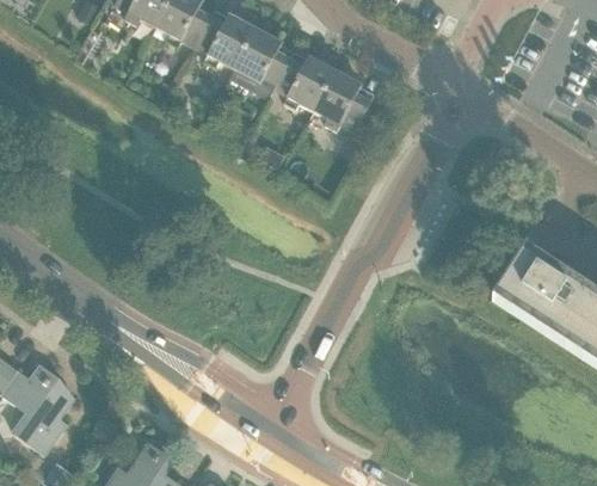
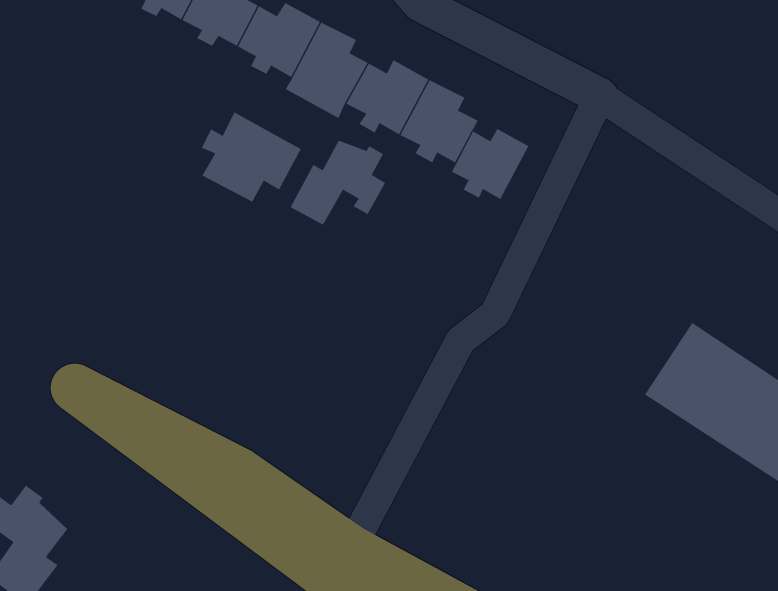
building: none -> [201,112,302,202]
building: none -> [451,128,529,200]
building: none -> [290,140,386,226]

